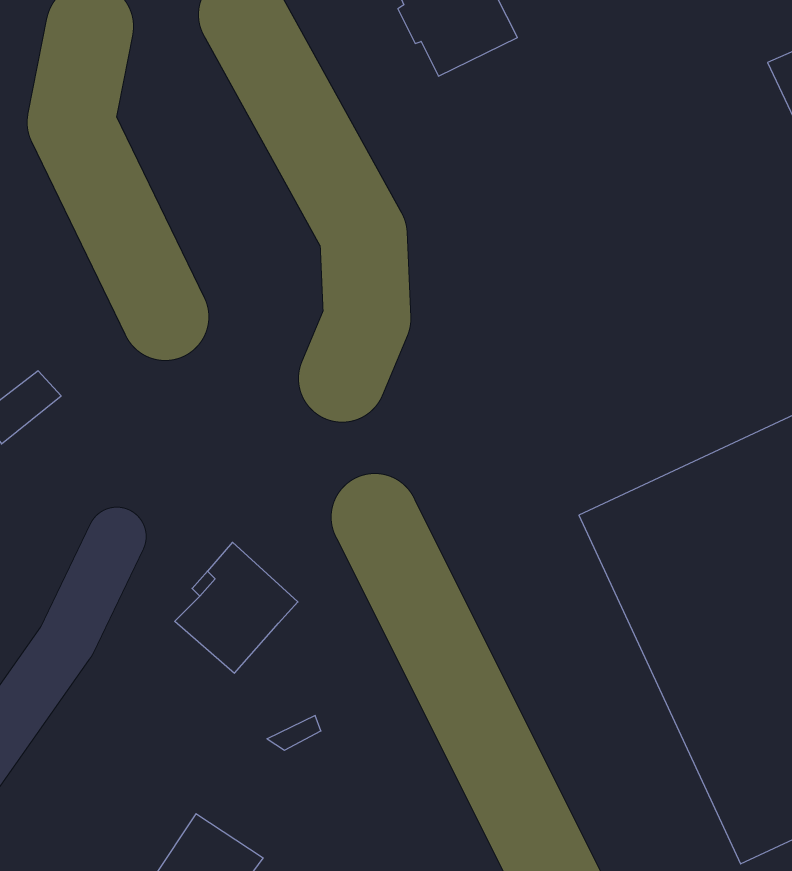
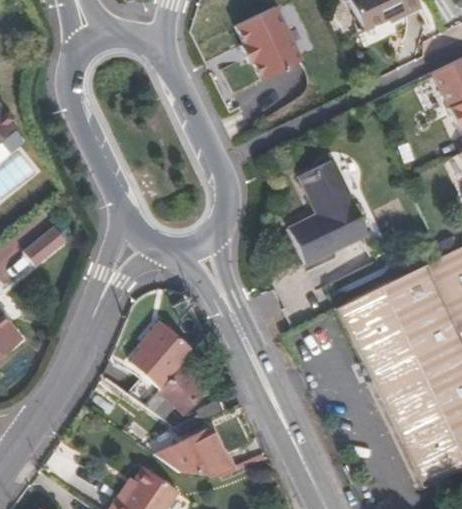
building: none -> [288,159,368,265]
building: none -> [145,363,206,416]
building: none -> [163,431,234,475]

